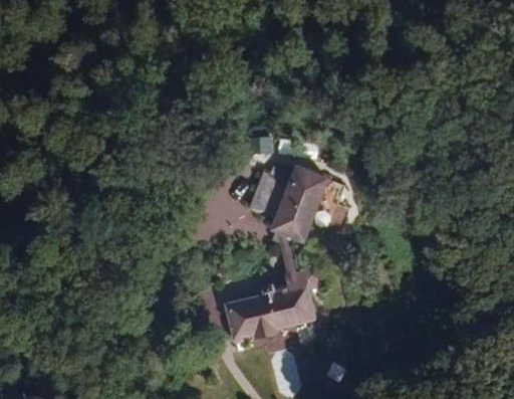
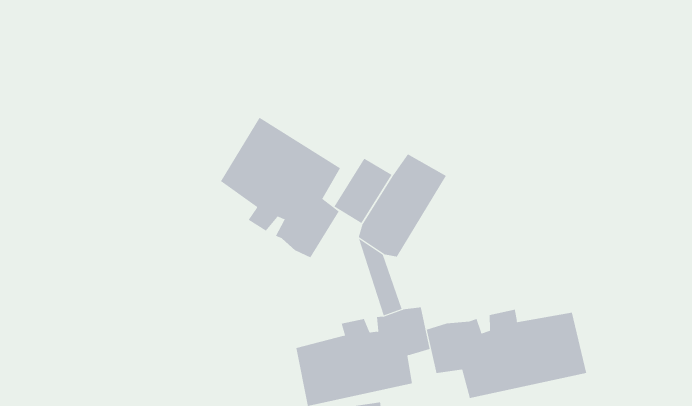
building: none -> [220,117,341,258]
building: none -> [426,309,587,399]

